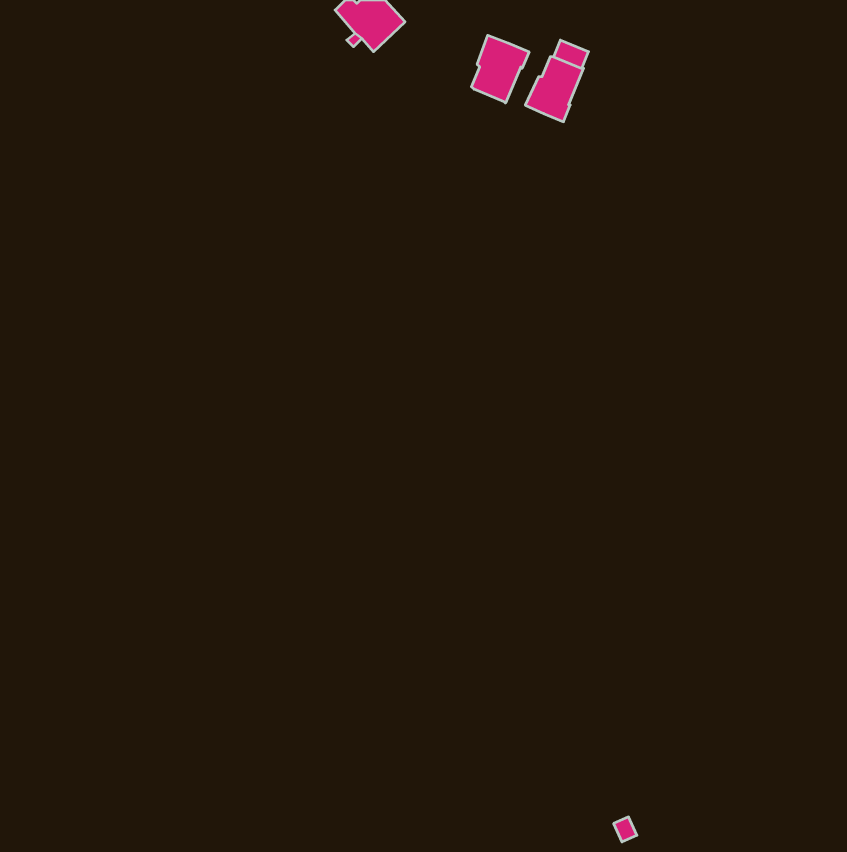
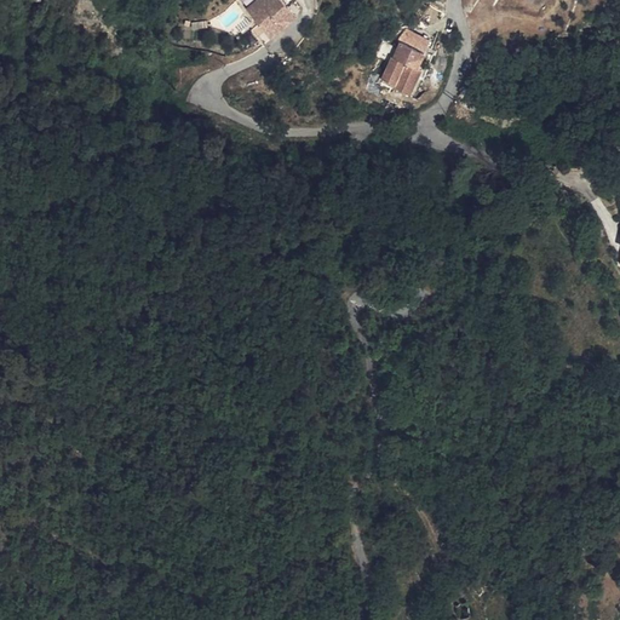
building: [471,35,529,103] -> none

